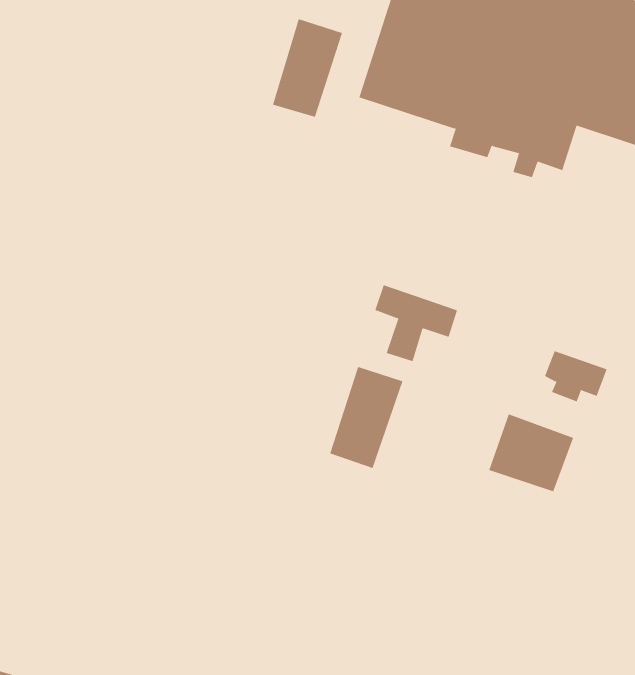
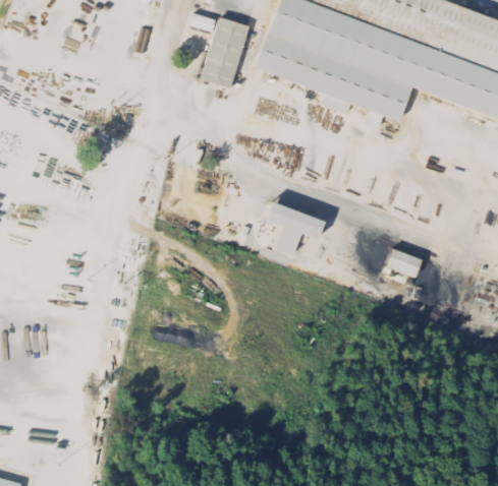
building: [329,366,403,469] -> none
building: [488,413,574,492] -> none

